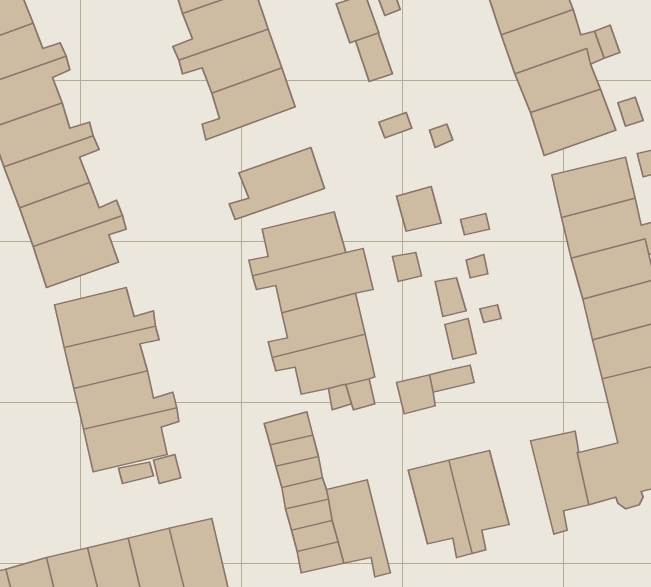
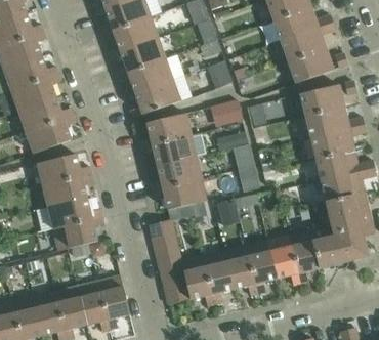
building: none -> [117,58,172,93]
building: none -> [266,235,300,285]
building: none -> [202,250,234,304]

